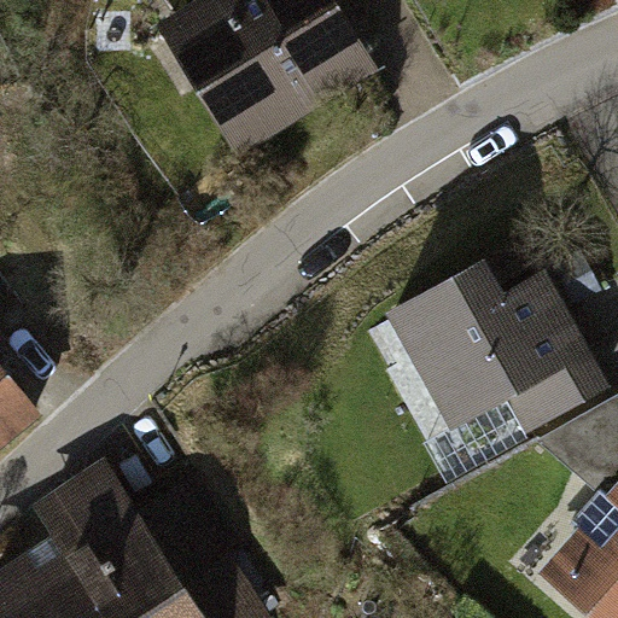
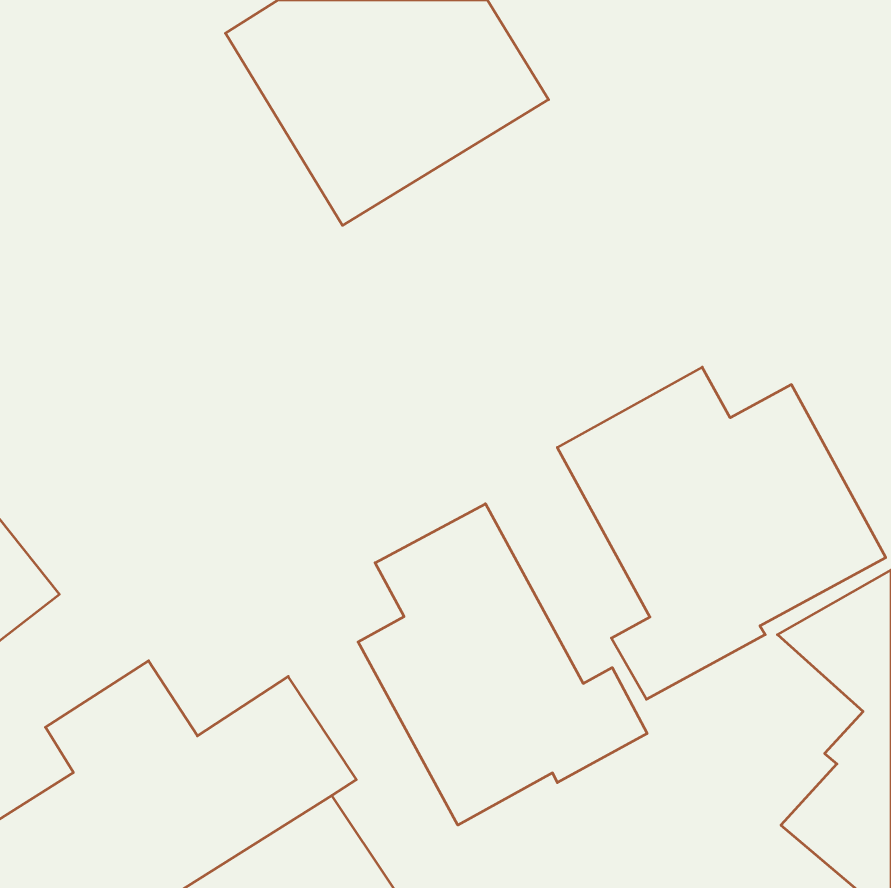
building: none -> [358,504,647,825]

